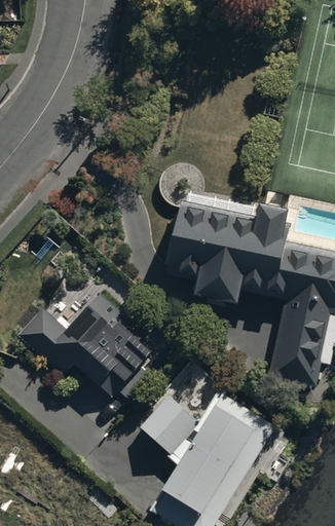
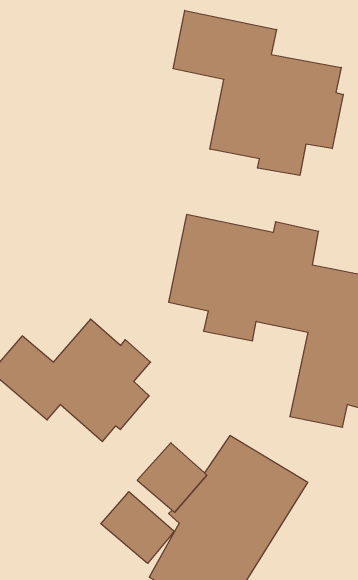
building: none -> [173,10,343,175]
building: none -> [101,492,174,563]

